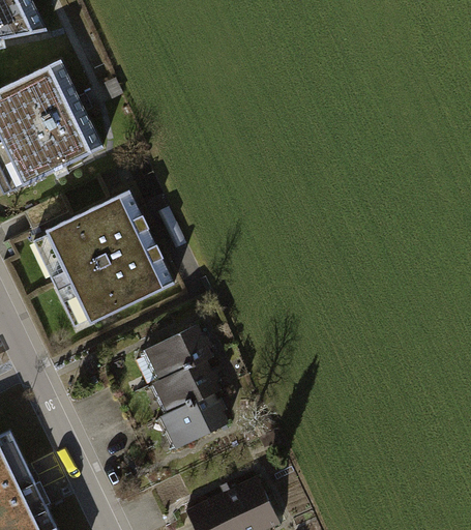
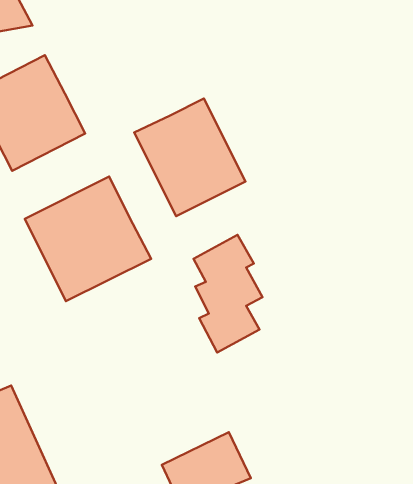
building: none -> [134,99,245,216]
building: [144,327,218,454] -> [193,235,262,353]

